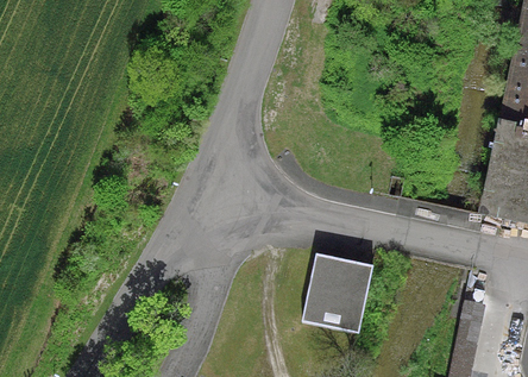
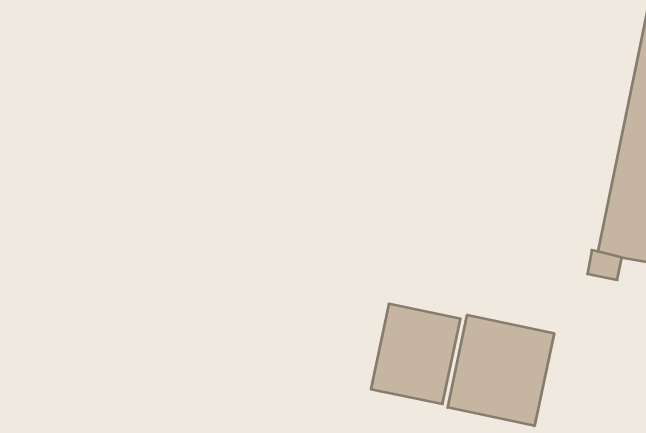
building: none -> [448,315,554,426]

